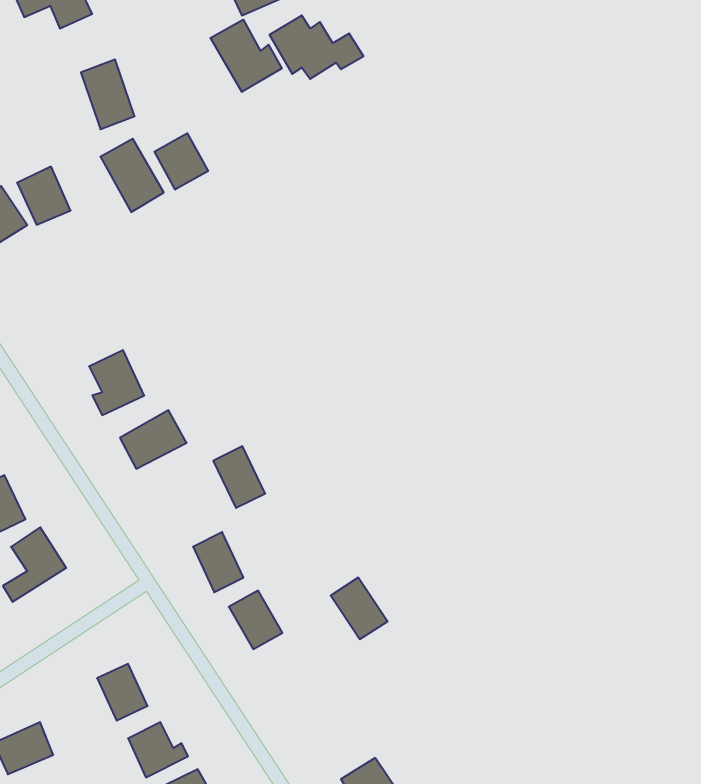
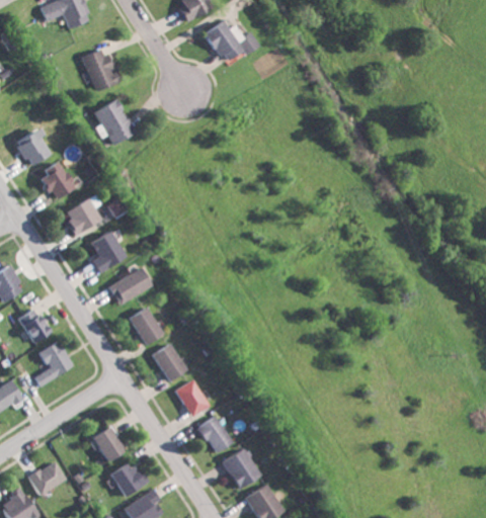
building: [210,20,282,92] -> none
building: [154,133,208,190] -> none
building: [17,167,71,225] -> [37,163,71,199]
building: none -> [62,195,99,235]
building: [213,446,265,508] -> [129,307,161,345]
building: [331,578,388,639] -> [197,416,233,454]
building: none -> [223,449,258,488]

